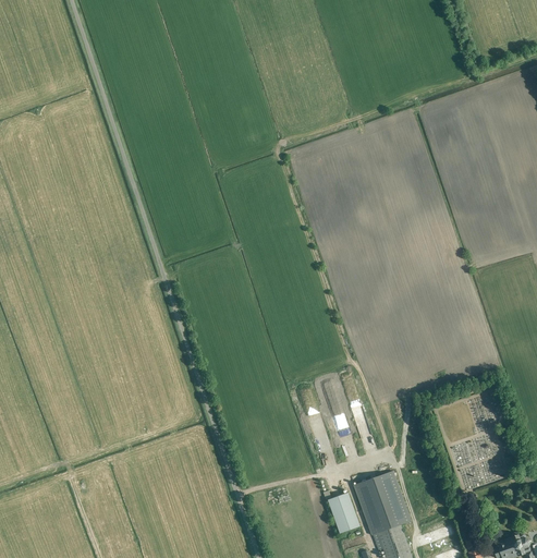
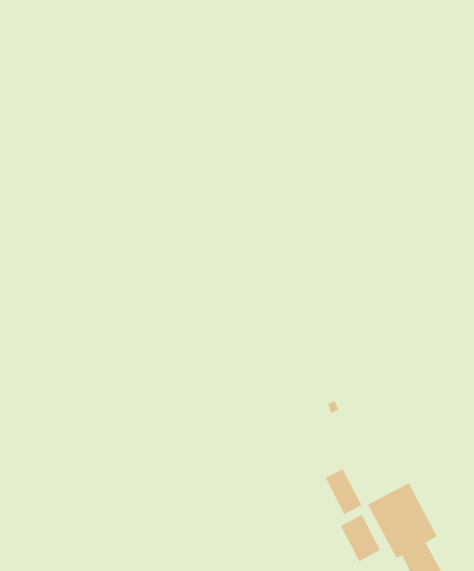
building: none -> [325,468,362,515]

